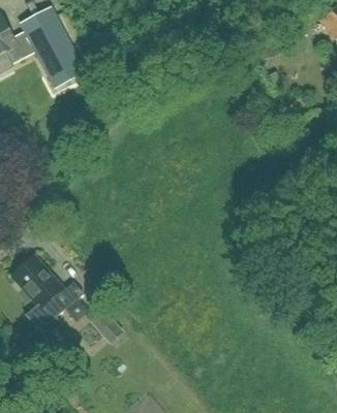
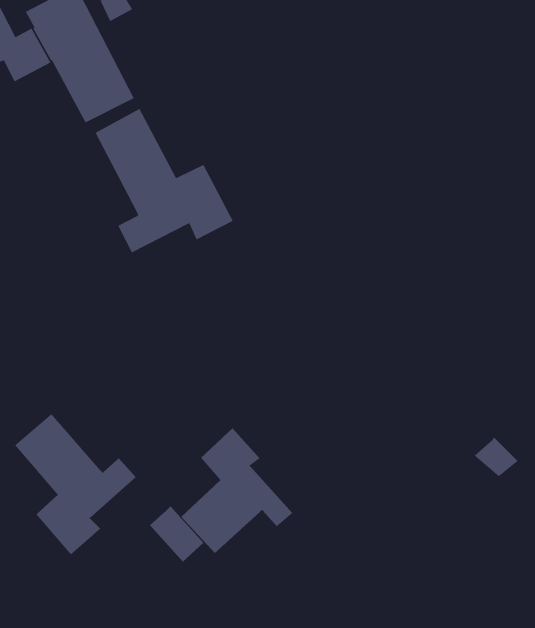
building: none -> [94,108,234,254]
building: none -> [181,428,293,554]

